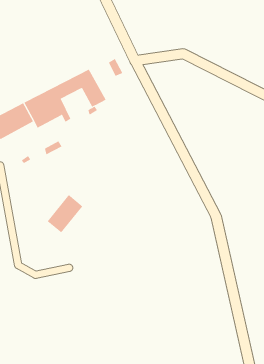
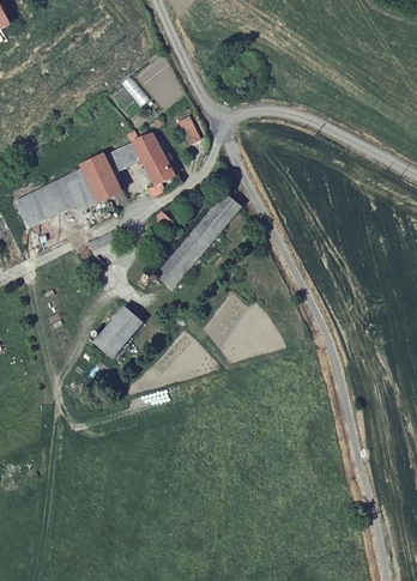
building: none -> [155,189,241,288]

